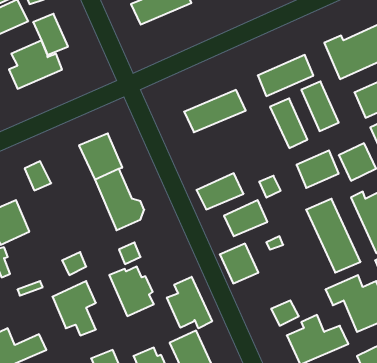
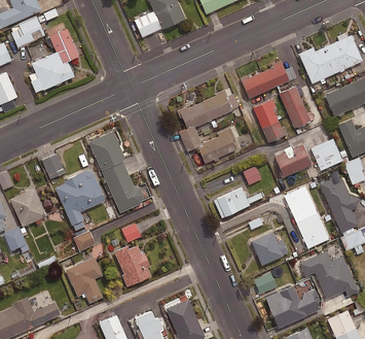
building: [196,173,244,209] -> [195,132,235,163]
building: none -> [54,169,105,224]
building: [220,244,258,283] -> [249,231,282,265]
building: [167,277,212,328] -> none

